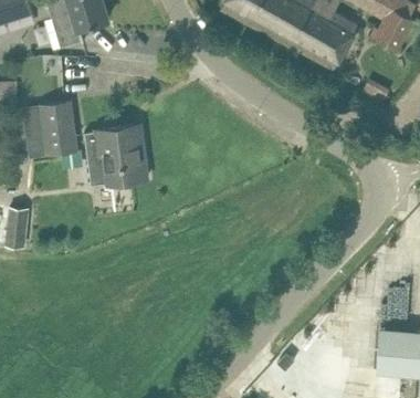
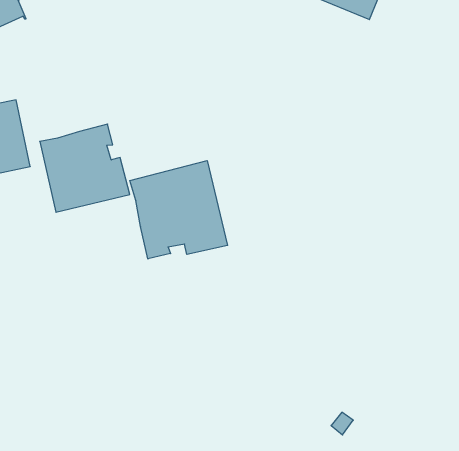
building: none -> [130,161,228,259]

